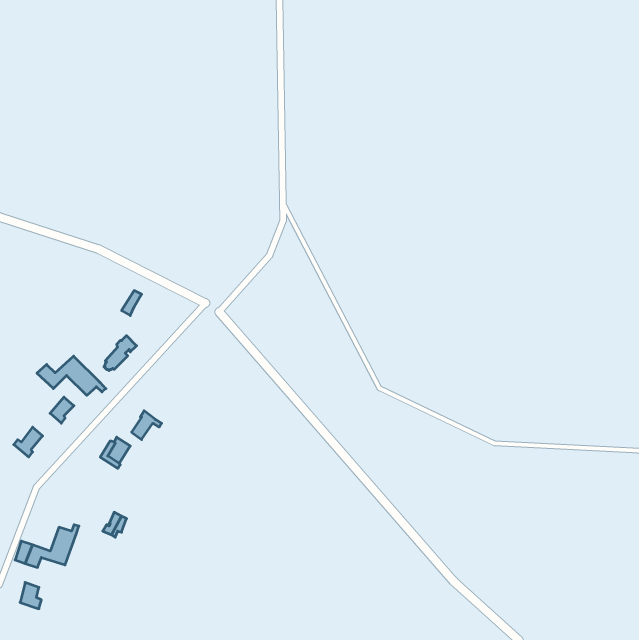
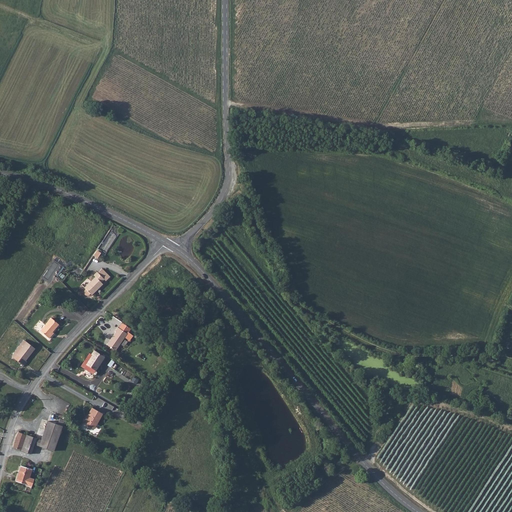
building: [37,356,106,395] -> none

